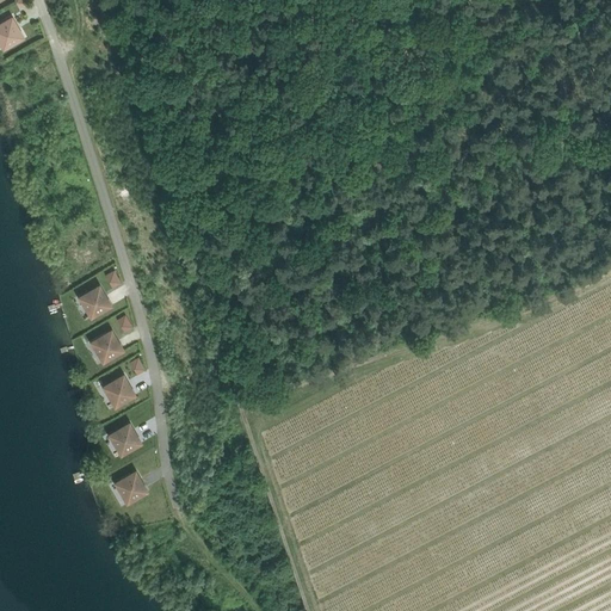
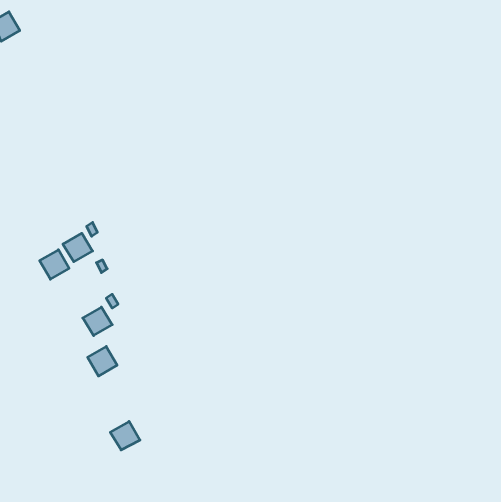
building: [88,328,124,364] -> [40,250,69,279]
building: [112,470,148,505] -> [110,421,140,450]

